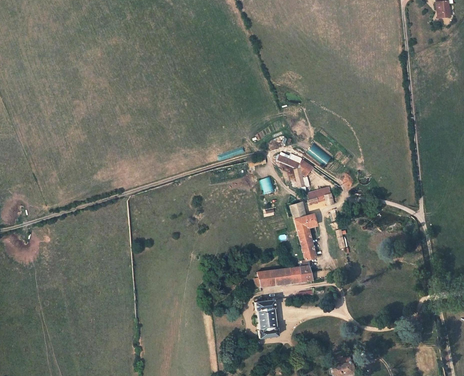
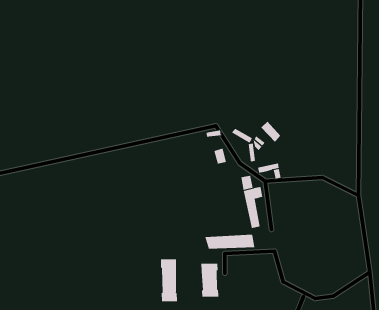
building: none -> [161,258,177,302]

